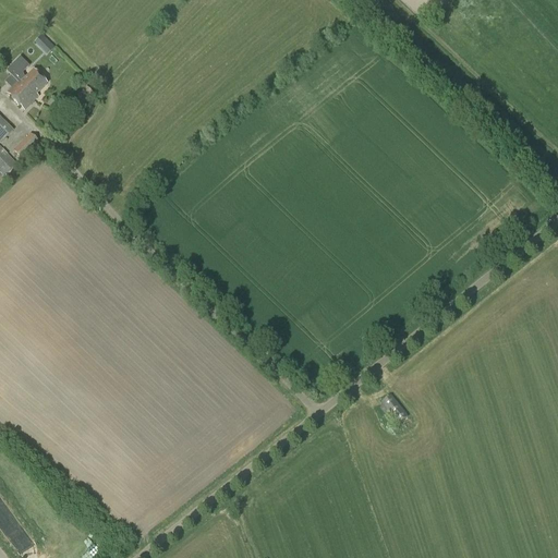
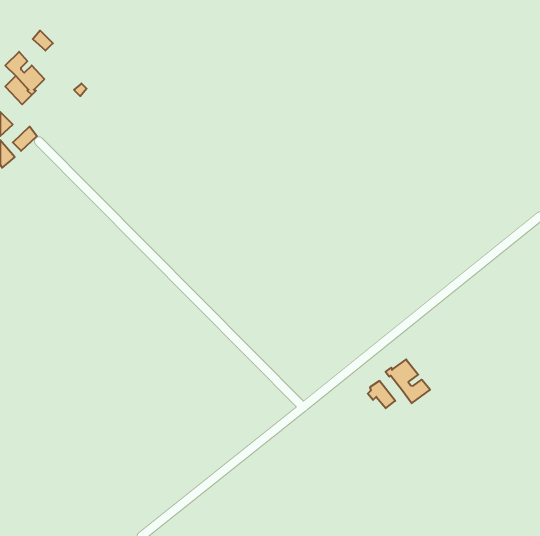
building: none -> [386,359,430,403]

